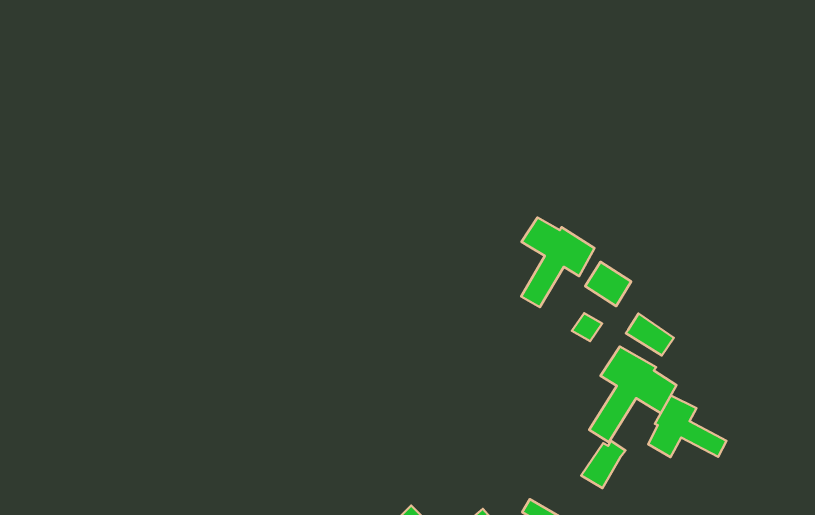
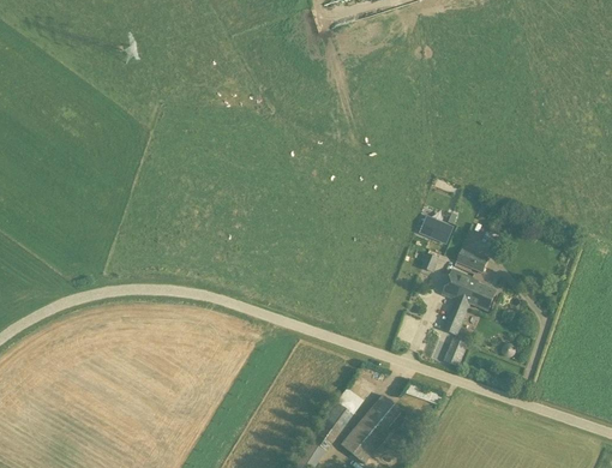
building: [521,218,594,307] -> none
building: [648,396,727,457] -> none

